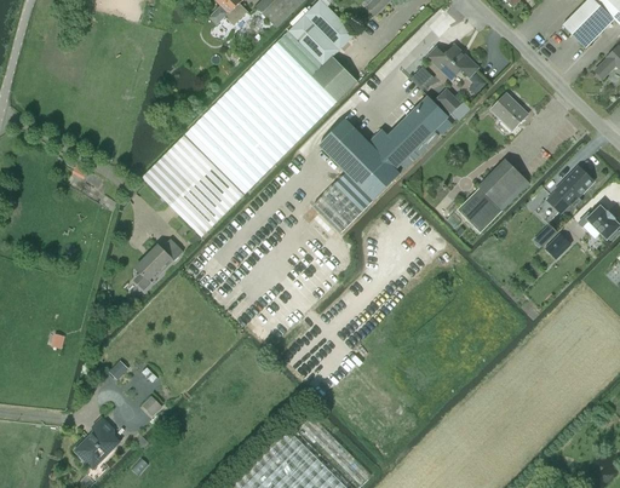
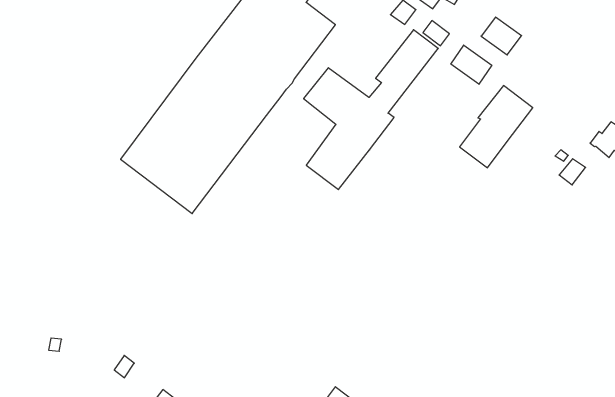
building: none -> [451,45,492,84]
building: [546,166,593,214] -> none
building: [134,239,183,289] -> none

